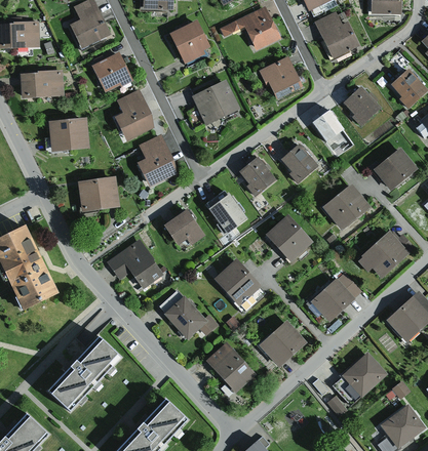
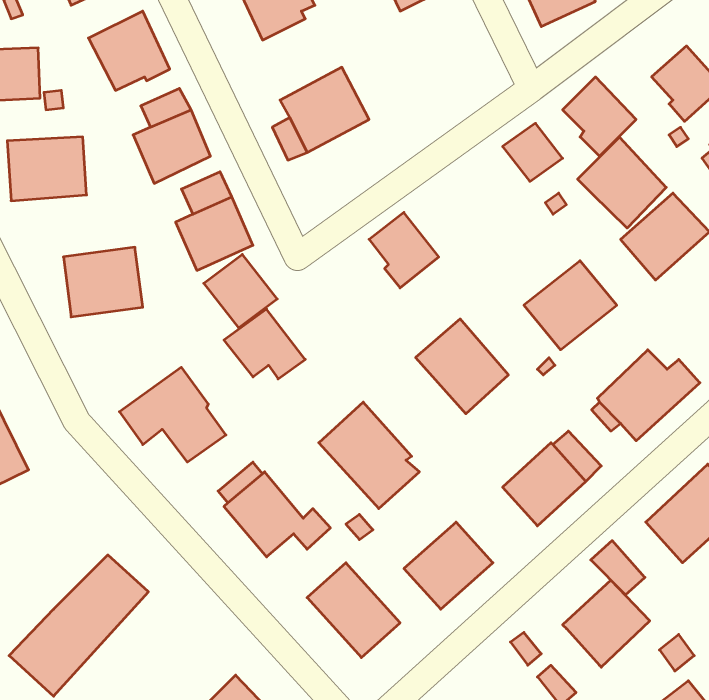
building: [260,57,302,99] -> none
building: none -> [578,137,666,228]
building: [280,145,318,183] -> none
building: [206,193,245,232] -> [204,254,277,328]
building: [333,377,361,406] -> [591,541,645,595]

